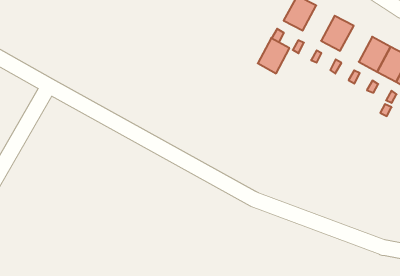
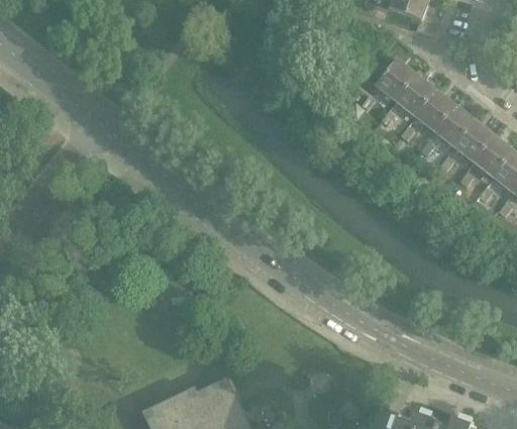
building: none -> [435,105,475,147]
building: [258,38,289,73] -> [396,75,435,116]

